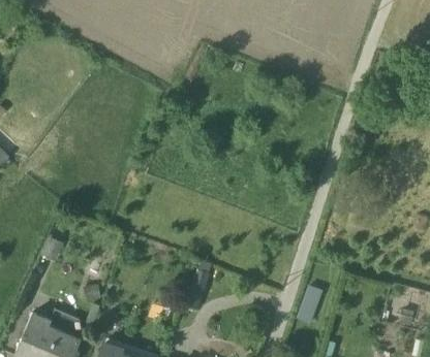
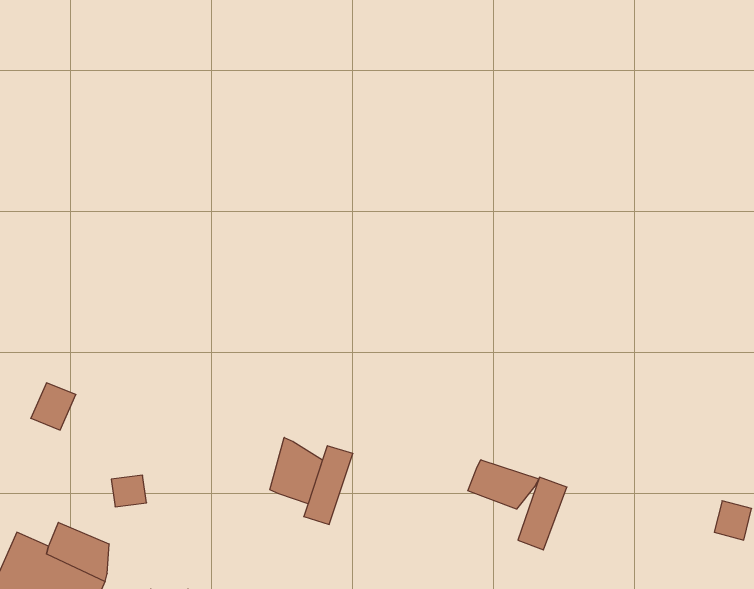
building: none -> [270,437,323,504]
building: none -> [468,460,539,509]

